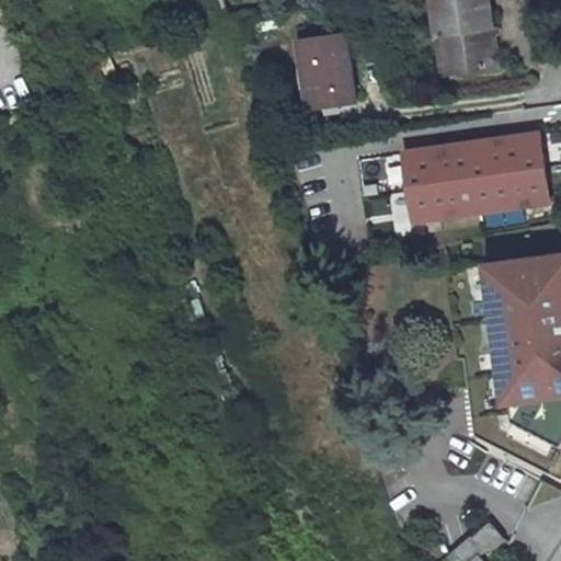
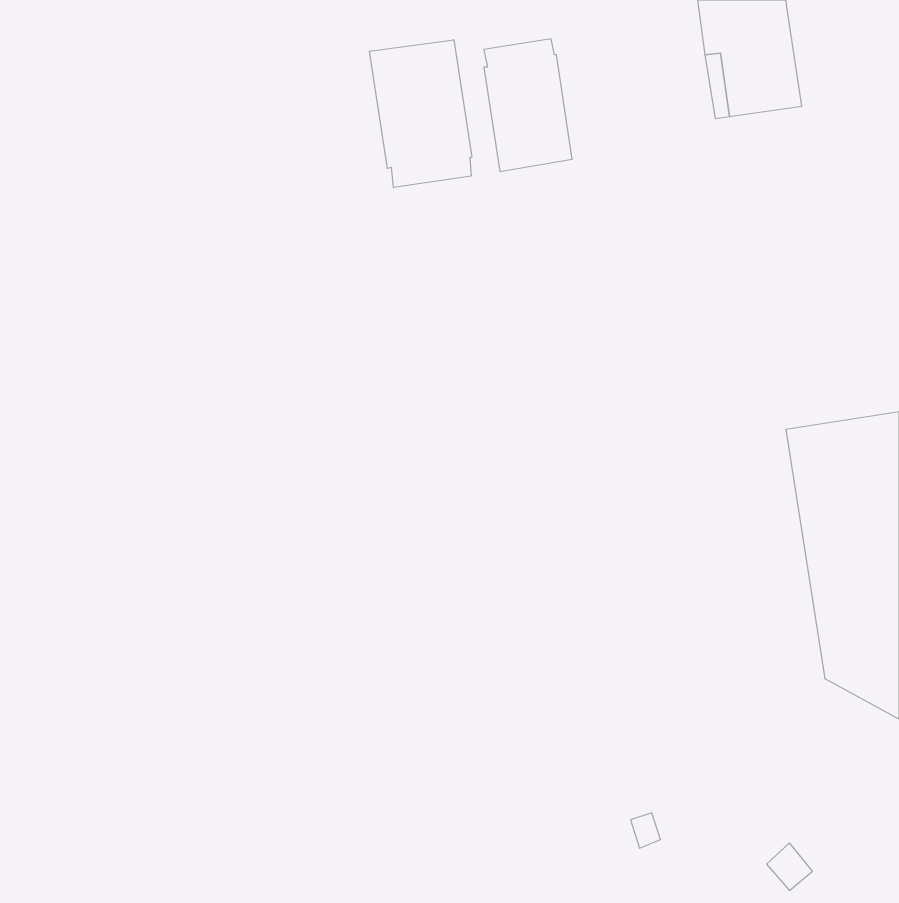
building: none -> [370,40,472,188]
building: [408,134,549,221] -> none

